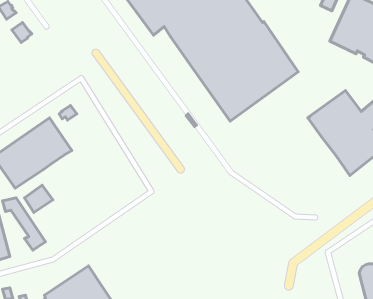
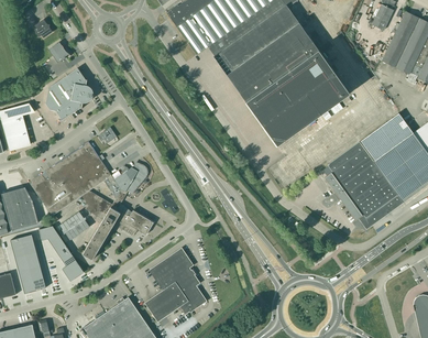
building: none -> [44,70,91,122]
building: none -> [325,142,403,230]
building: none -> [81,162,153,260]
building: none -> [144,250,205,323]

